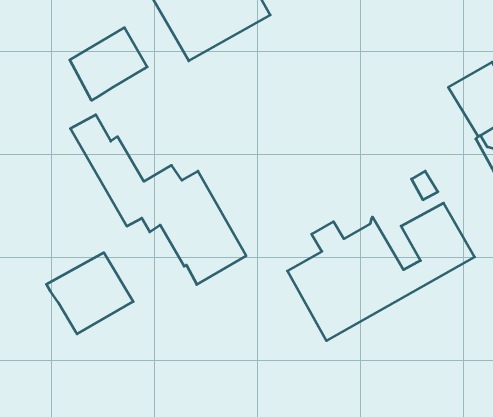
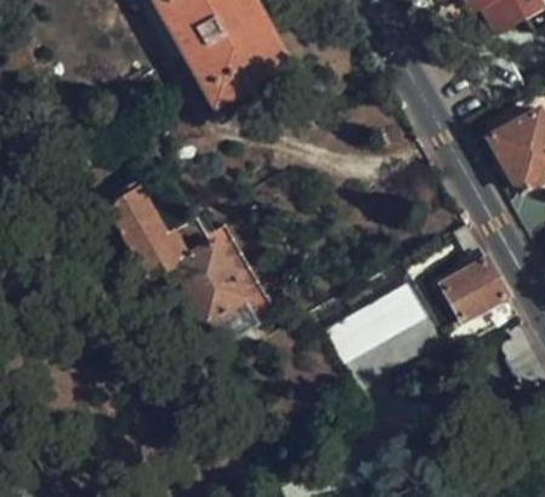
building: [70,28,147,100] -> none
building: [46,253,133,334] -> none

